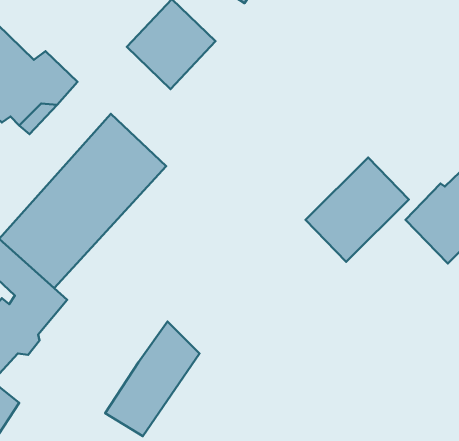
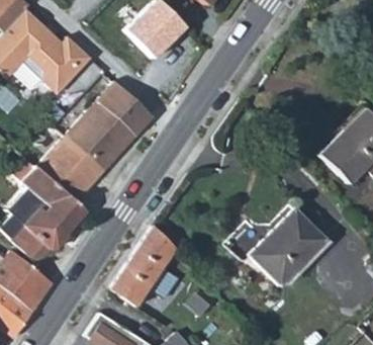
building: [306,157,409,262] -> [251,210,322,283]

